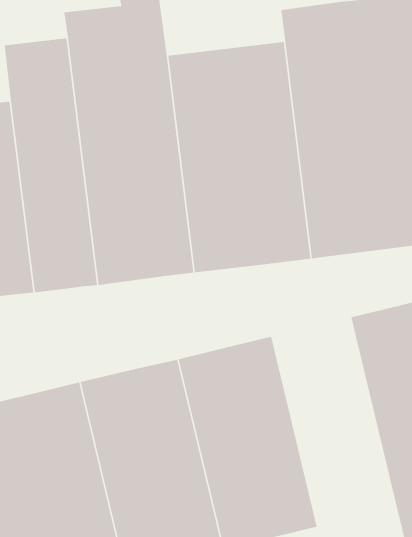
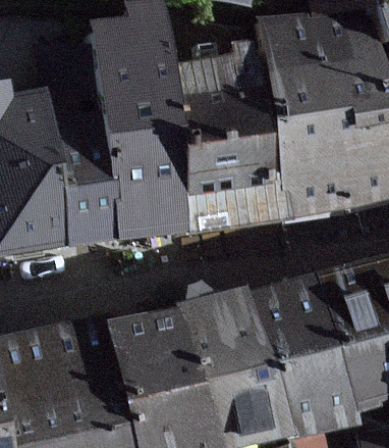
building: none -> [242,270,342,439]

